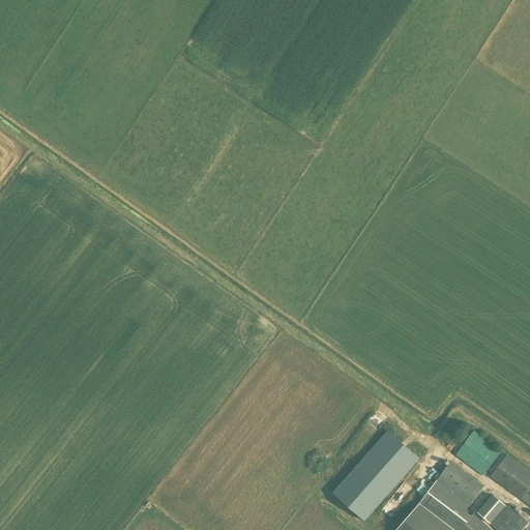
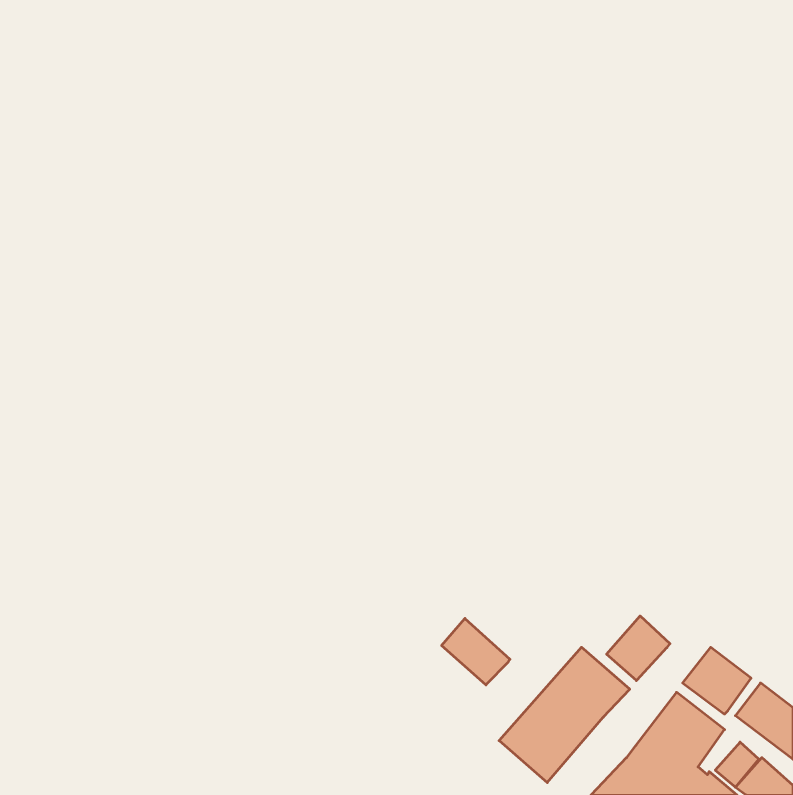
building: none -> [607,616,670,681]
building: none -> [442,618,510,685]

